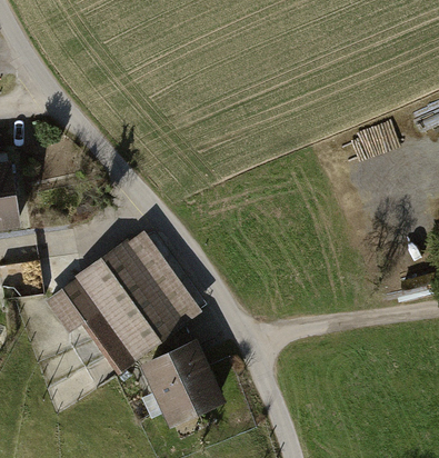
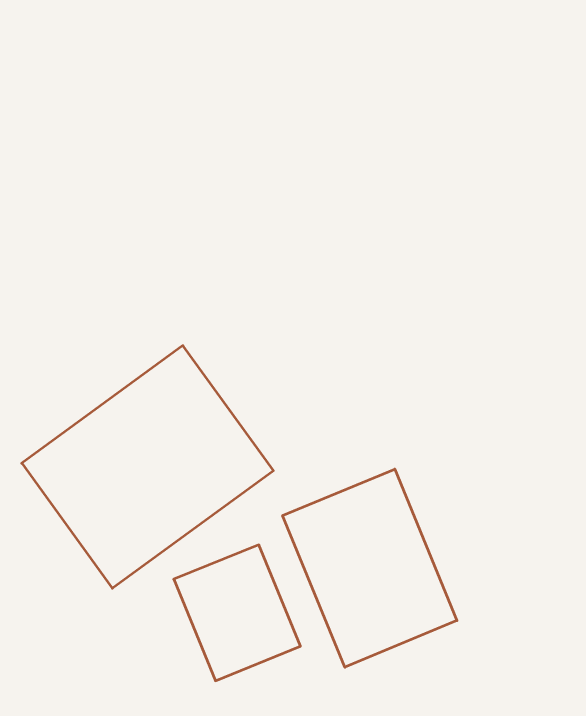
building: none -> [283,469,457,667]

